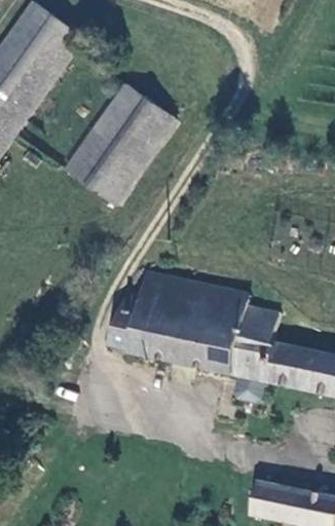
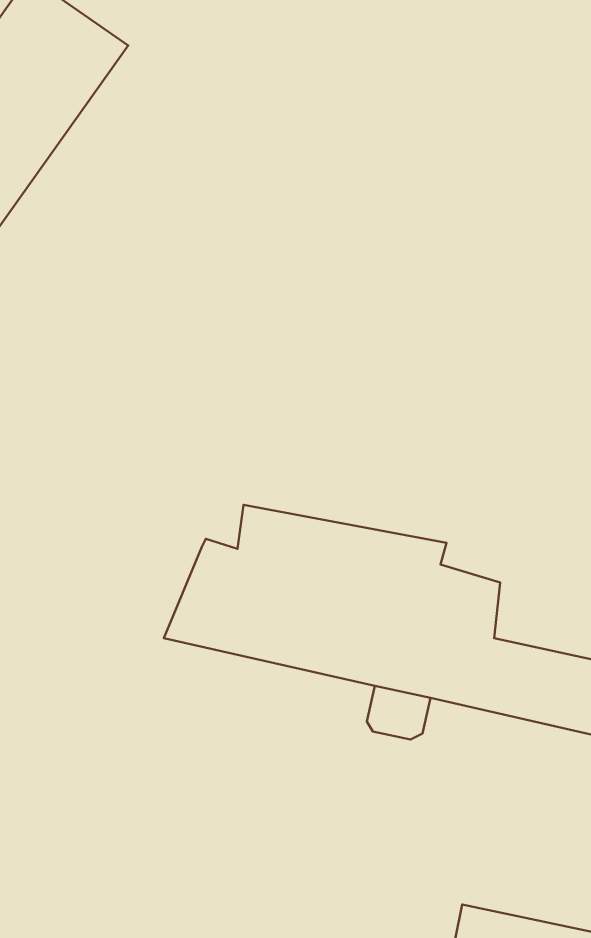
building: [64,84,175,204] -> none

